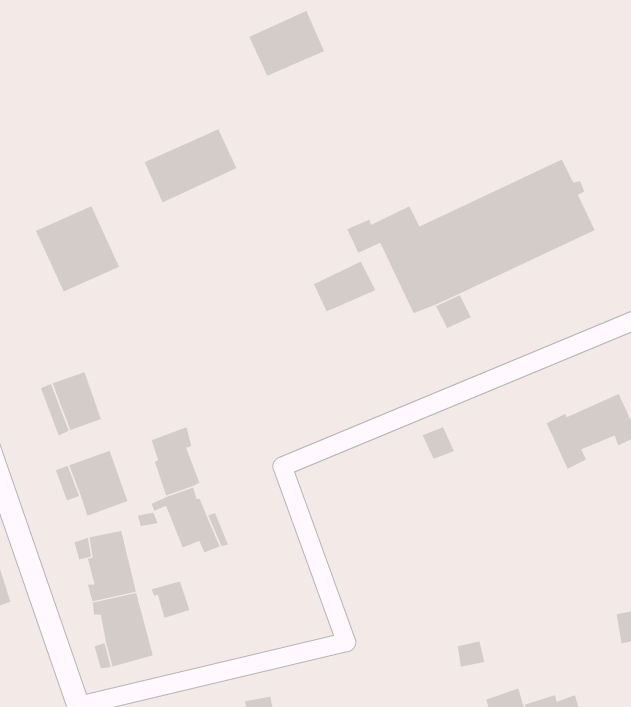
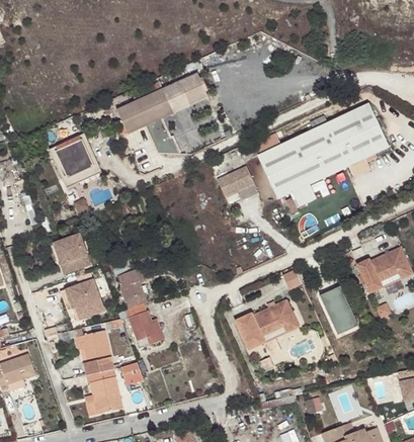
building: [248,10,325,77] -> [161,71,208,111]
building: none -> [320,286,360,336]
building: none -> [235,298,299,348]

